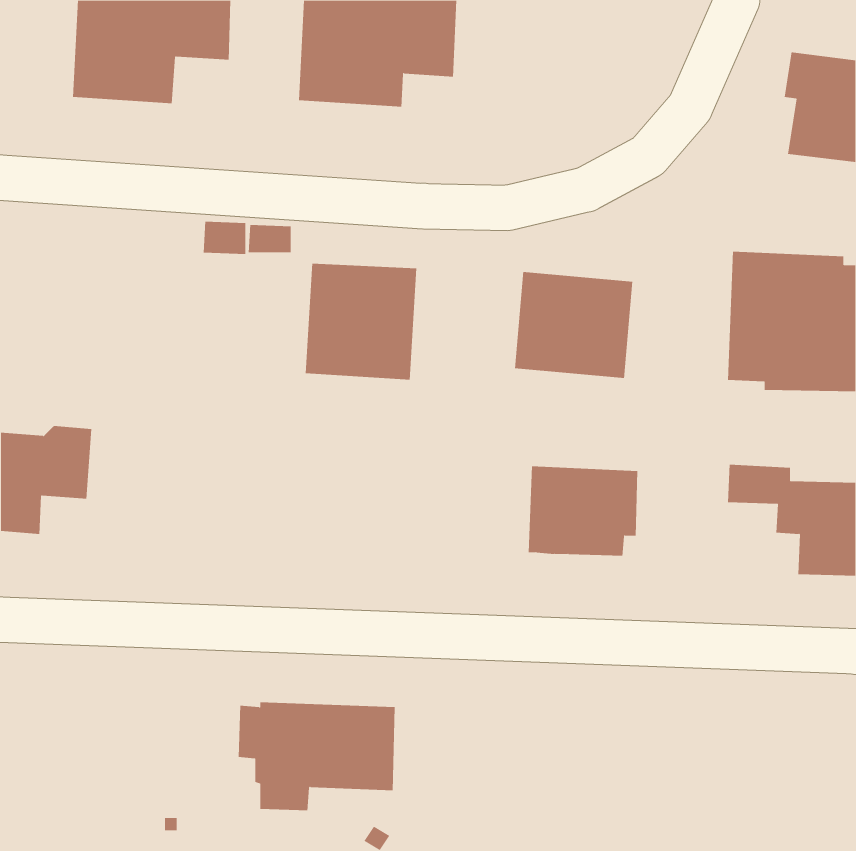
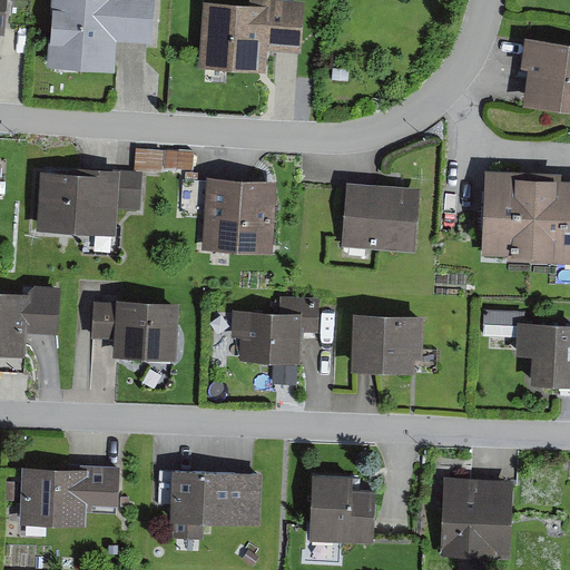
building: none -> [35,168,142,238]
building: none -> [91,298,180,362]
building: none -> [232,298,320,364]
building: none -> [20,465,120,528]
building: none -> [309,475,375,543]
building: none -> [440,478,513,560]

